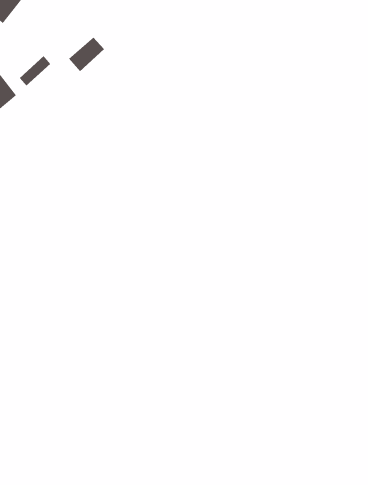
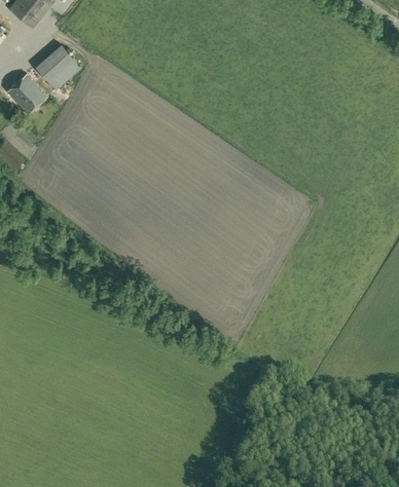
building: [68,37,105,72] -> [37,45,73,80]

